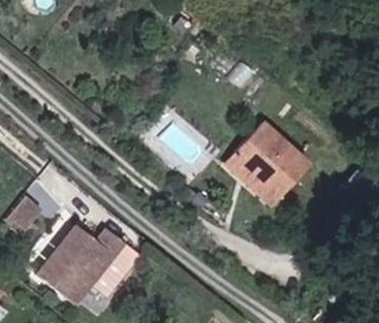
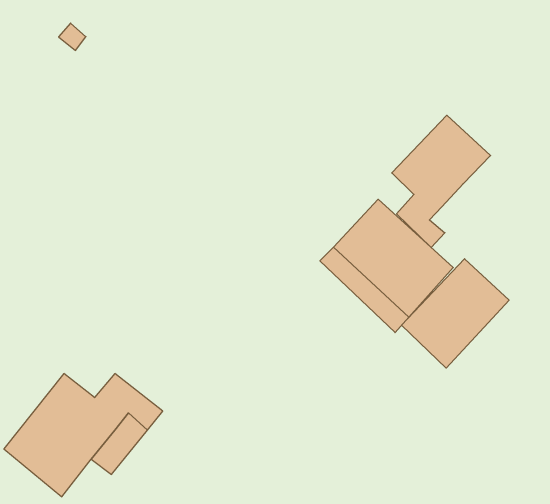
building: none -> [392,115,491,248]
building: none -> [402,259,509,368]

